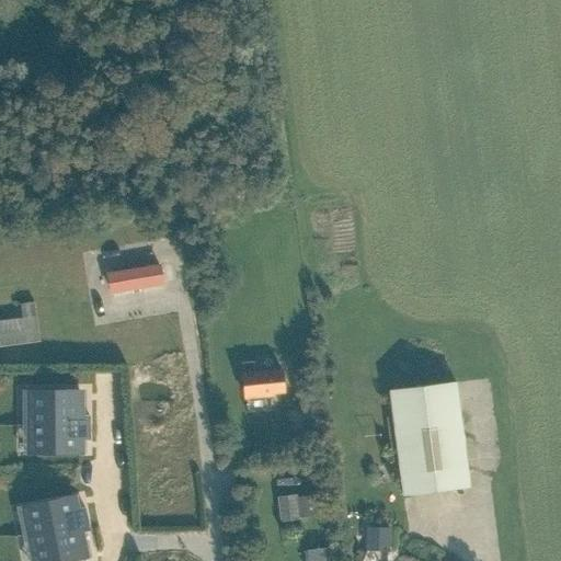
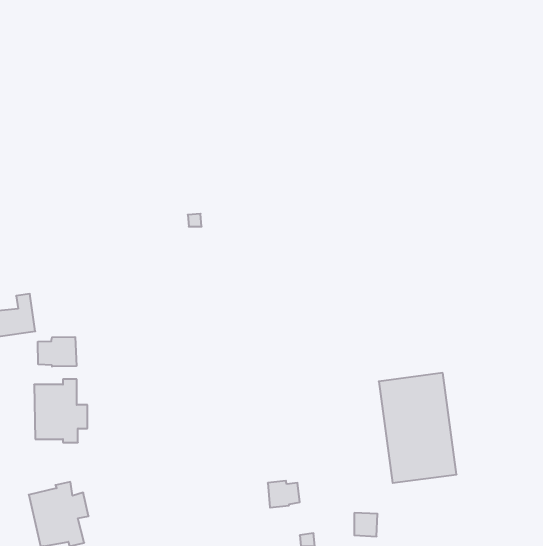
building: [104,263,162,293] -> none
building: none -> [38,337,76,367]
building: [240,363,282,402] -> none

